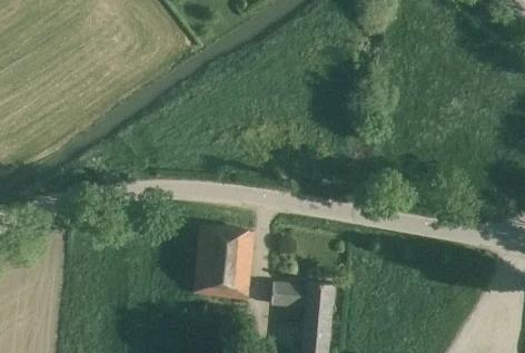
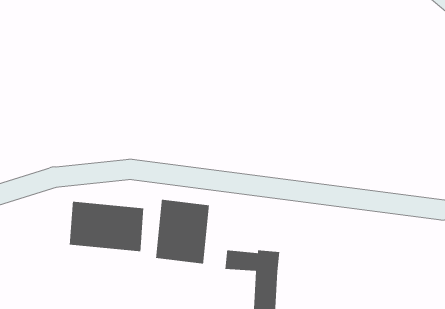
building: none -> [69,201,144,252]

